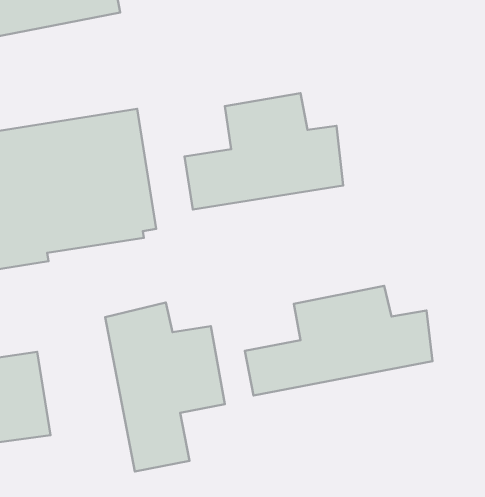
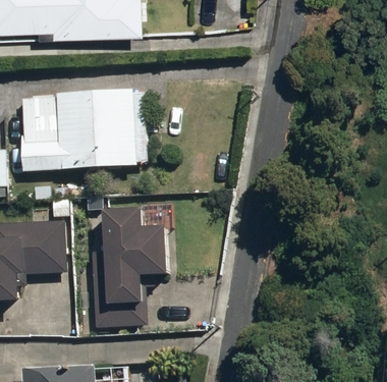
building: [184,93,343,209] -> none
building: [245,286,432,395] -> none

